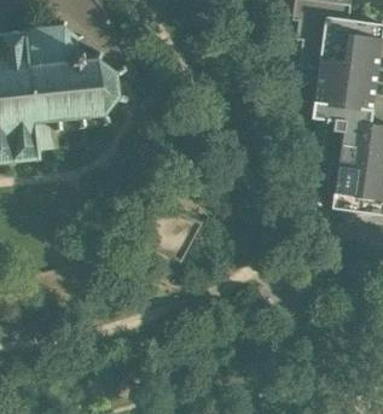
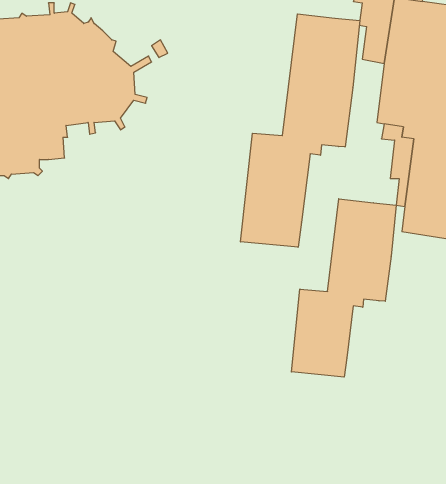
building: none -> [241,14,360,247]
building: none -> [291,199,396,377]

